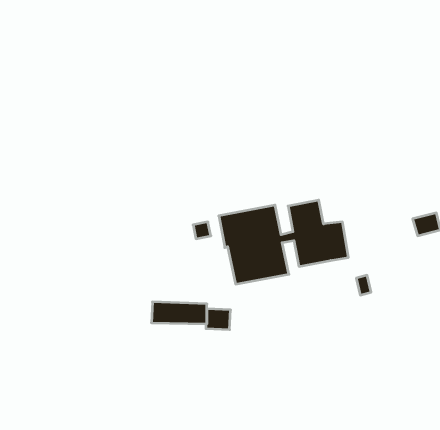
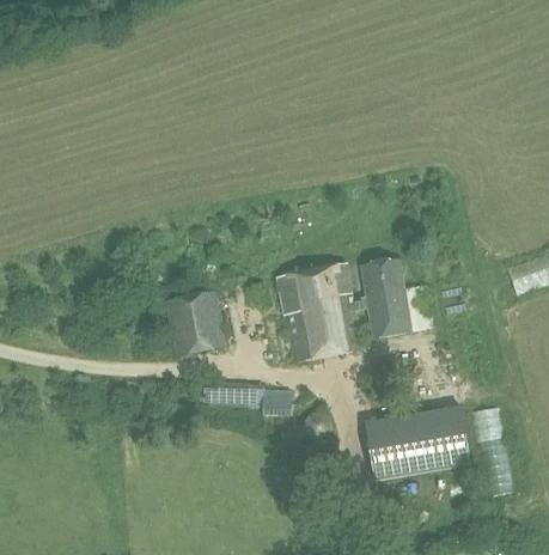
building: none -> [164,292,225,355]
building: none -> [366,407,469,478]

